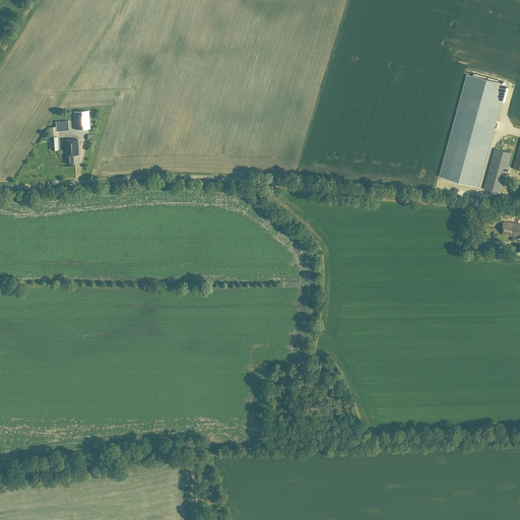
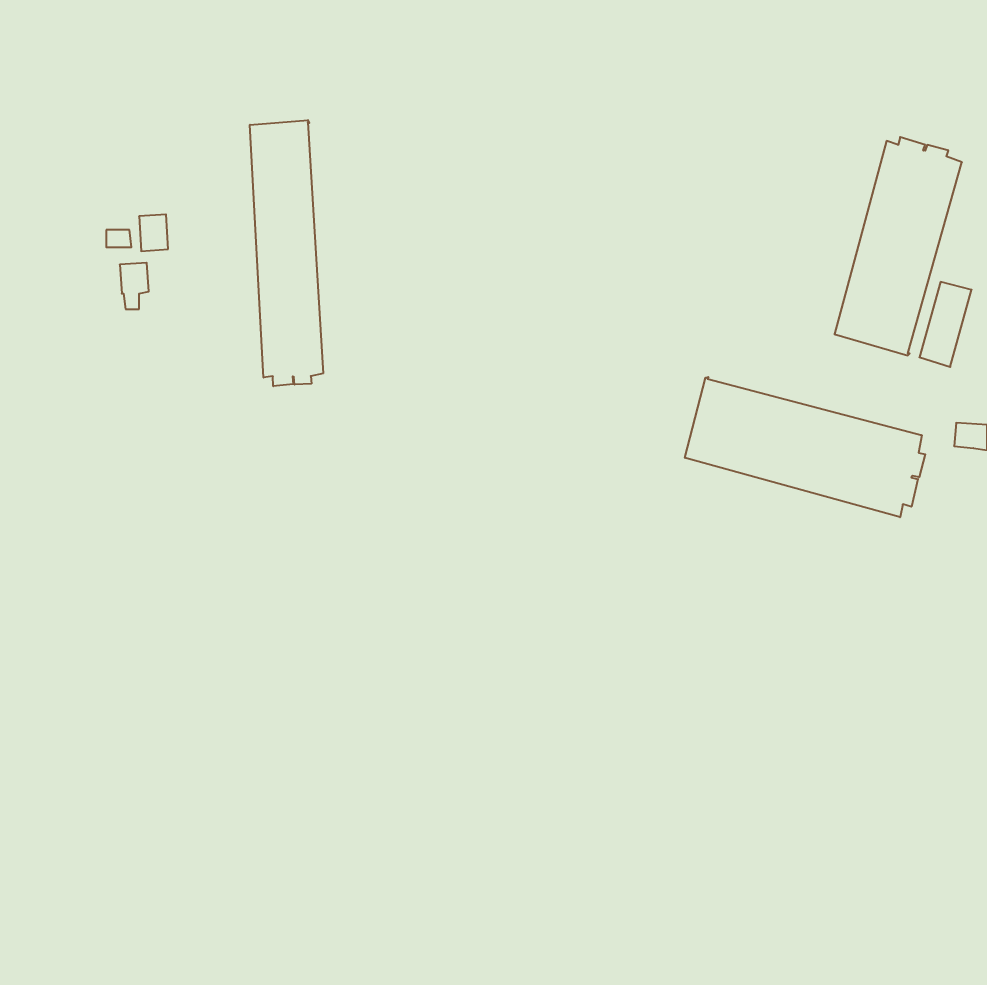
building: none -> [250,120,323,386]
building: none -> [685,377,925,517]

